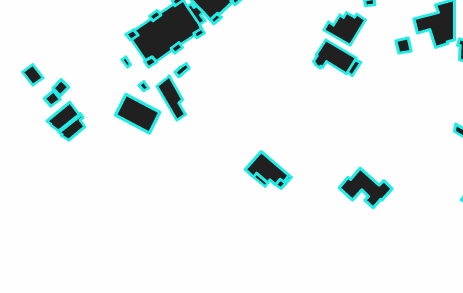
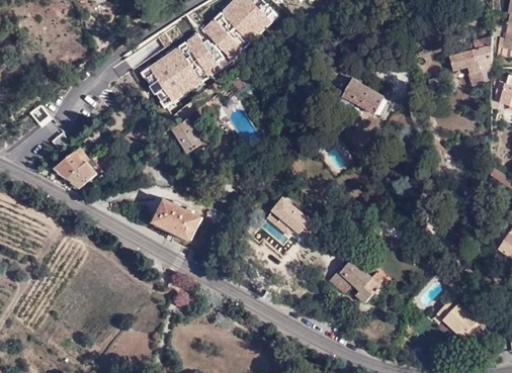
building: [324,12,365,45] -> none
building: [115,94,160,133] -> [155,199,202,241]
building: [339,168,392,208] -> [330,257,387,299]
building: none -> [436,298,478,339]

